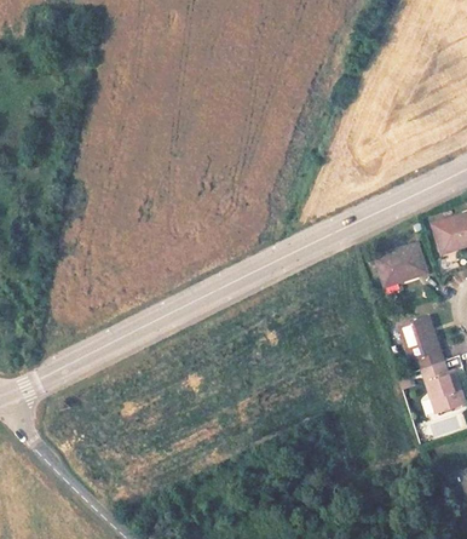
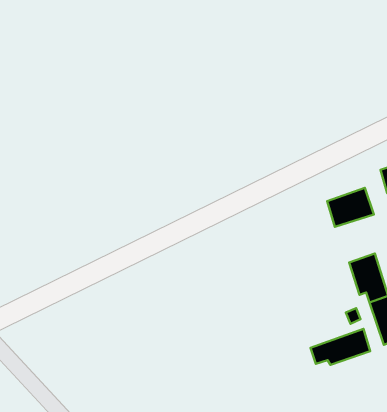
building: none -> [310,329,370,365]

